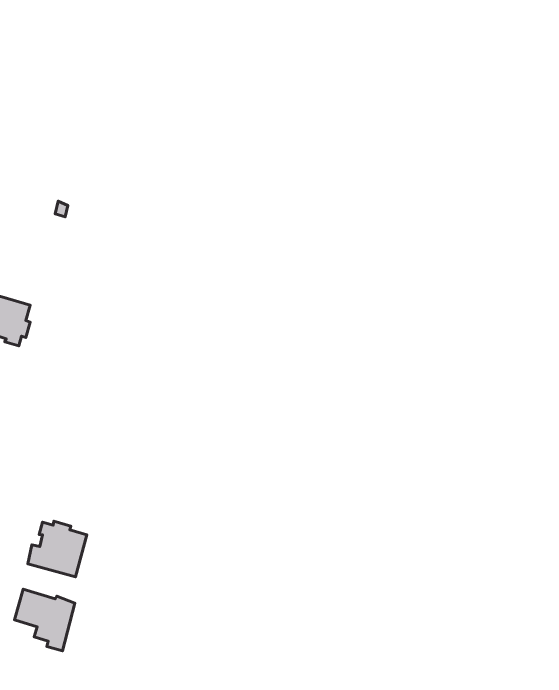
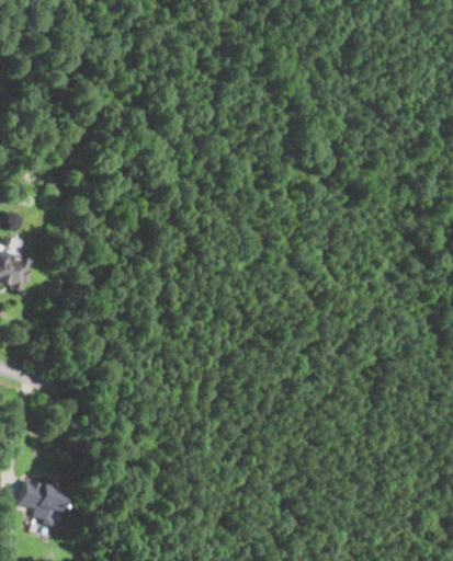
building: [28,521,87,577] -> none

